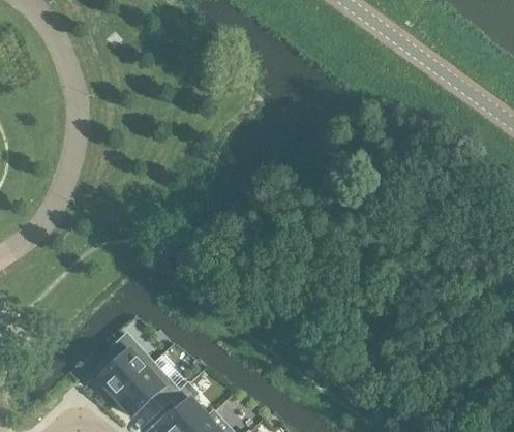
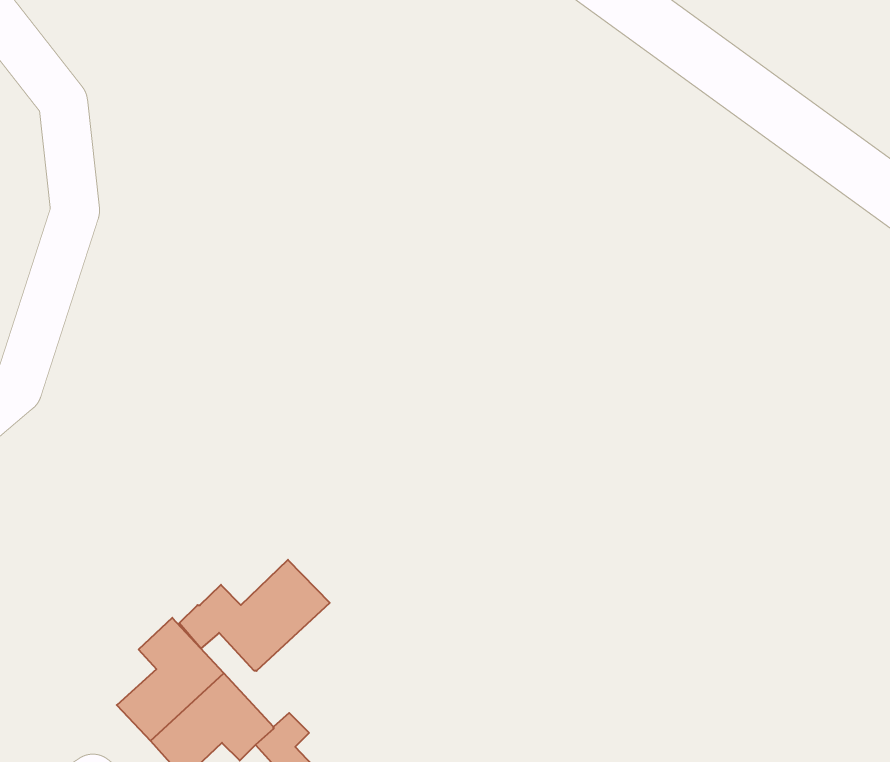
building: none -> [179,560,330,671]

